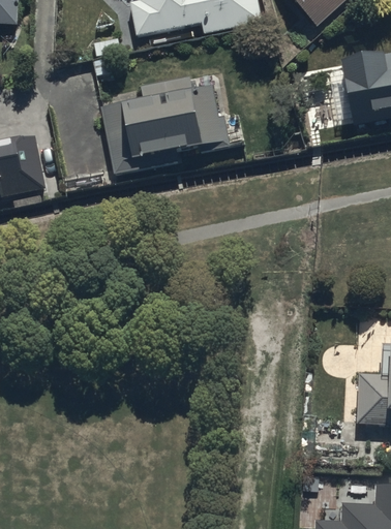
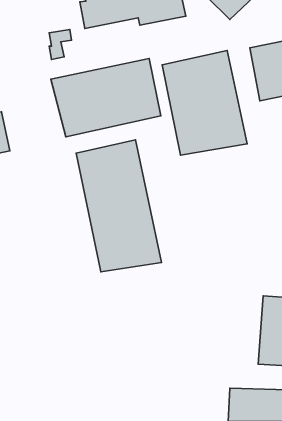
building: none -> [162,51,247,155]
building: none -> [76,140,161,272]

